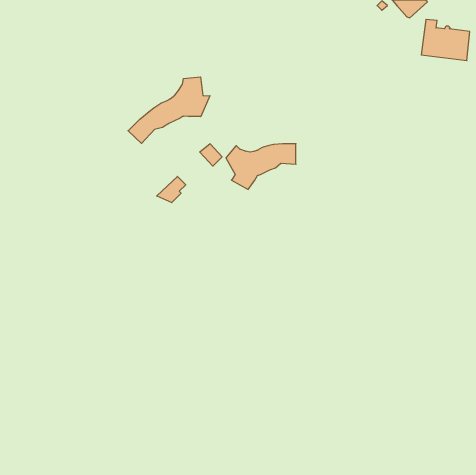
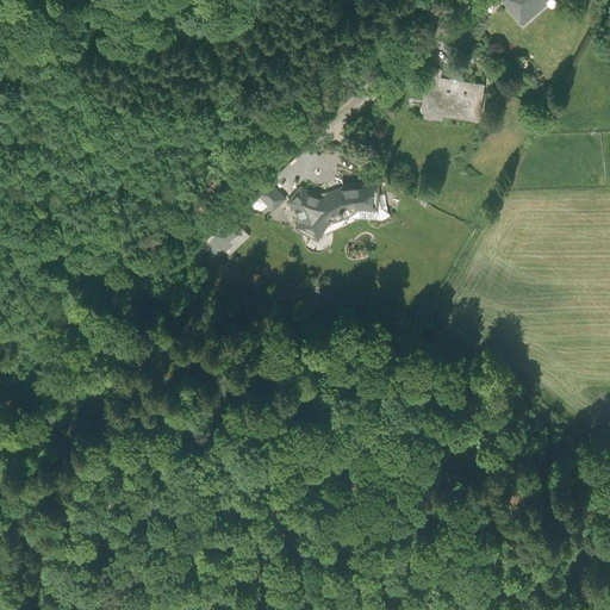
building: [421,19,470,61] -> [425,62,487,114]
building: [128,77,210,143] -> none

